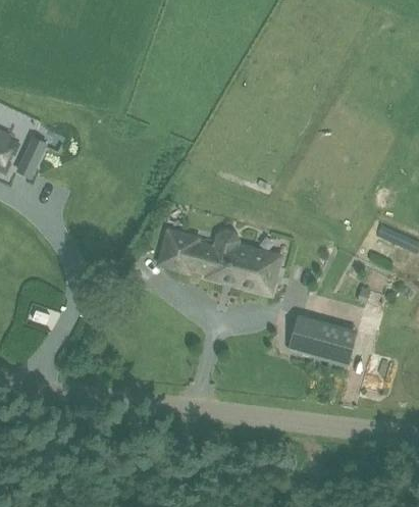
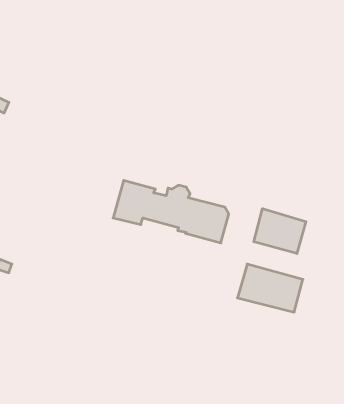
building: none -> [254,209,306,254]

